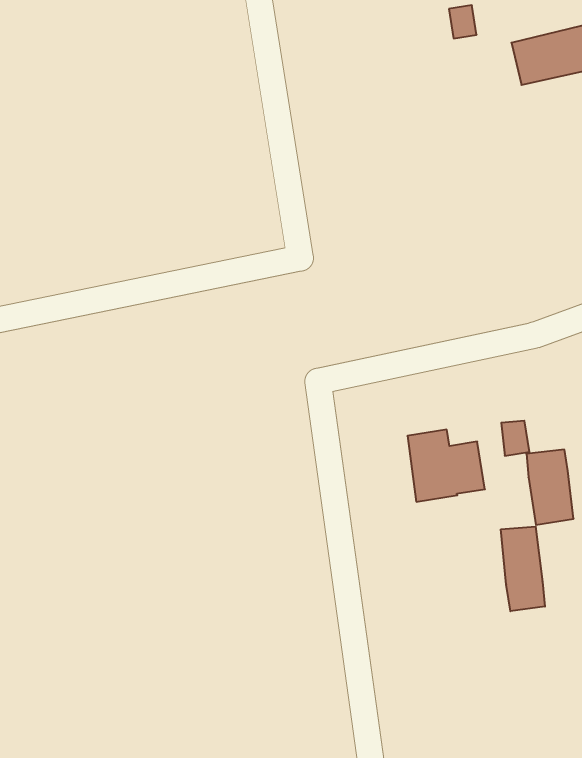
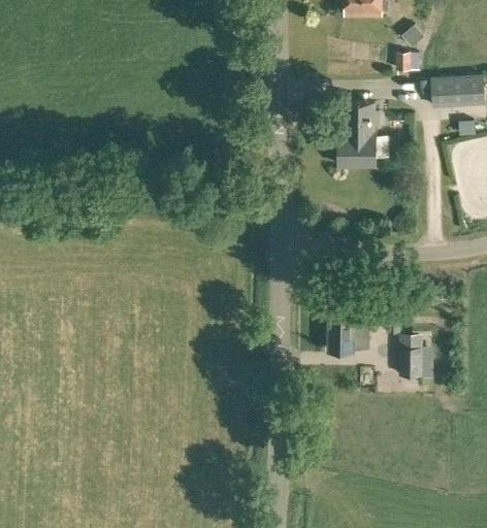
building: none -> [340,103,383,166]
building: [501,526,545,611] -> none

